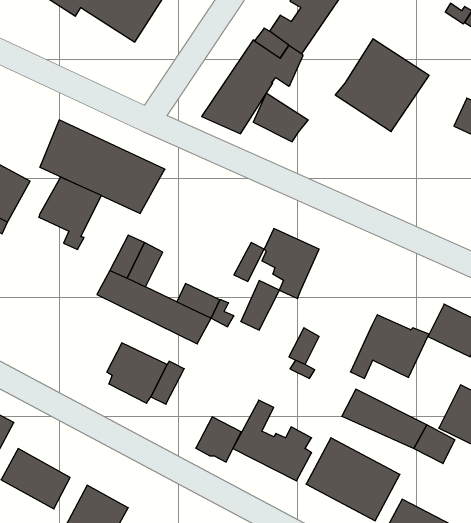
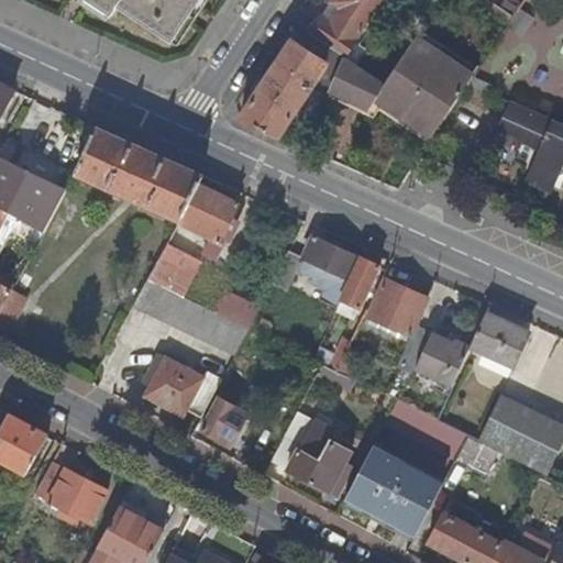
building: [253,93,308,142] -> [329,60,385,110]
building: [39,177,101,249] -> [175,184,239,257]
building: none -> [368,279,428,335]
building: [241,281,280,330] -> [340,257,379,308]
building: [196,417,241,462] -> [200,398,246,444]

